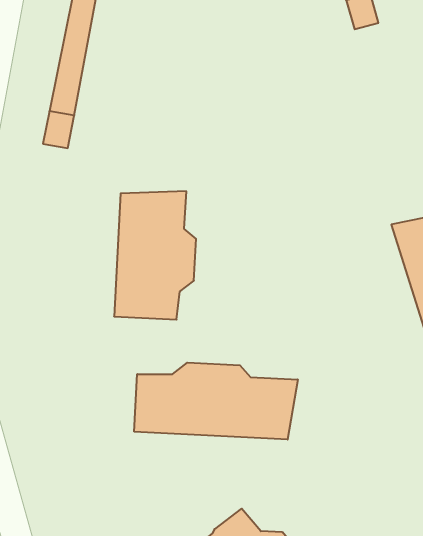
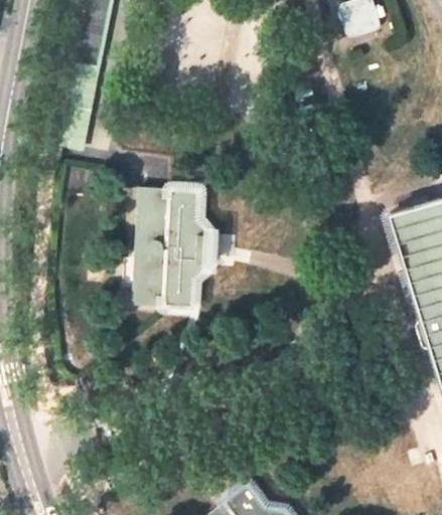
building: [134,363,298,440] -> none

